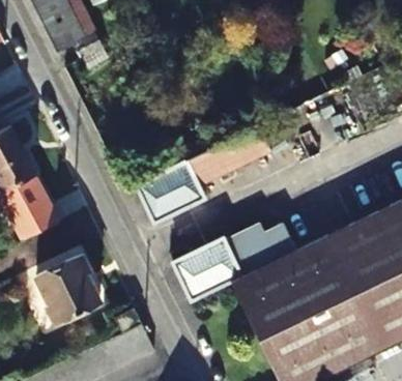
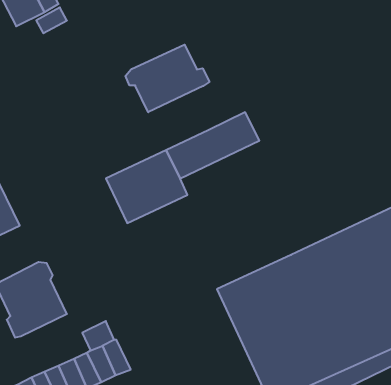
building: none -> [125,45,209,112]
building: [172,223,297,299] -> none

